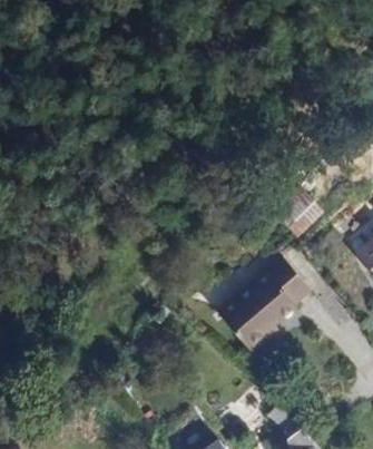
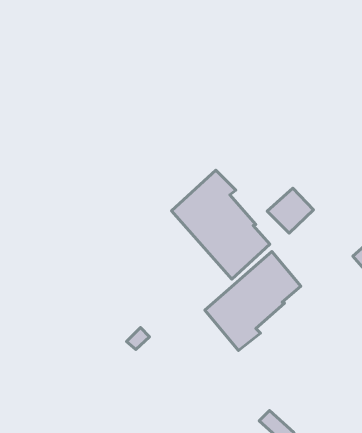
building: none -> [172,170,270,279]

